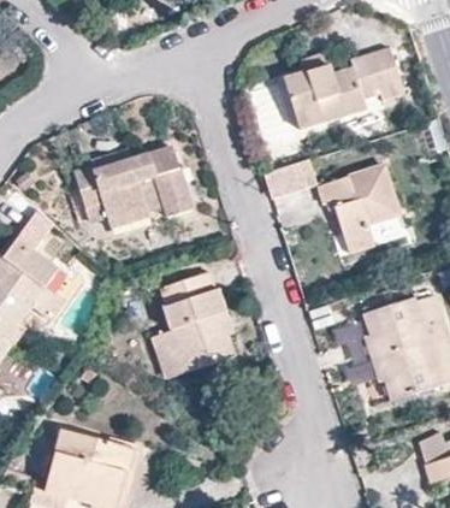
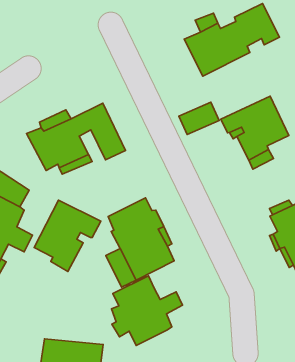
building: none -> [34,200,101,271]
building: none -> [111,276,183,345]

